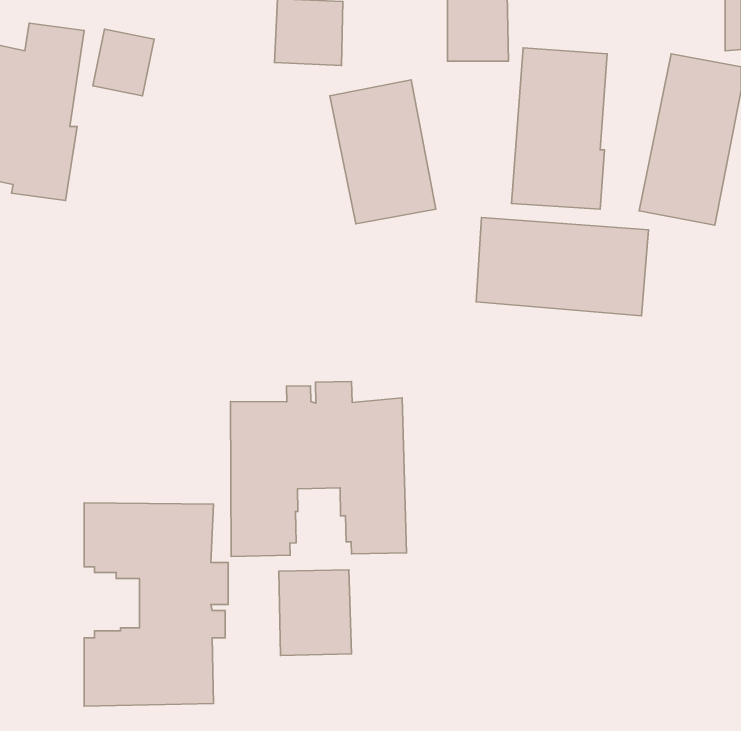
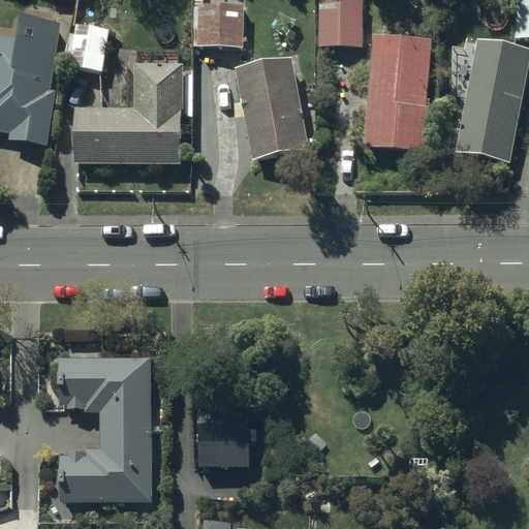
building: none -> [74,48,184,163]
building: [476,218,648,316] -> none
building: [231,381,406,556] -> none

